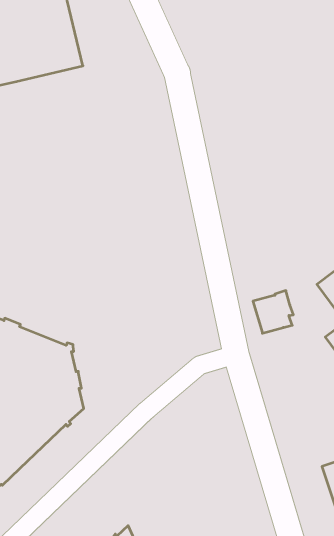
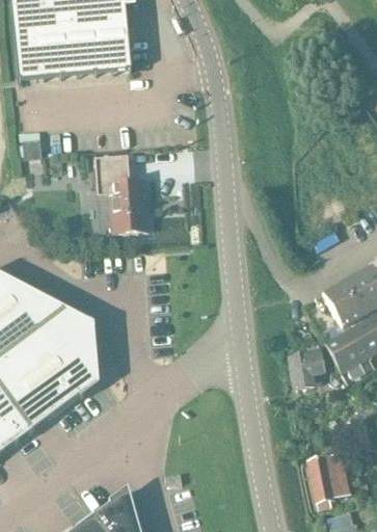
building: none -> [95,153,147,232]
building: [253,291,293,333] -> [289,348,324,384]

